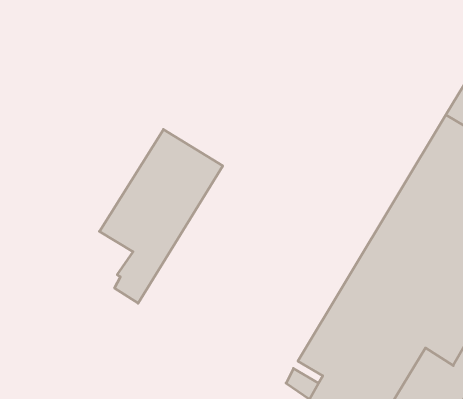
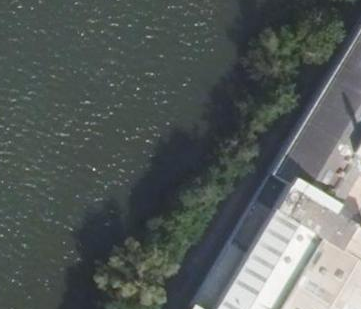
building: [99,129,223,303] -> none

